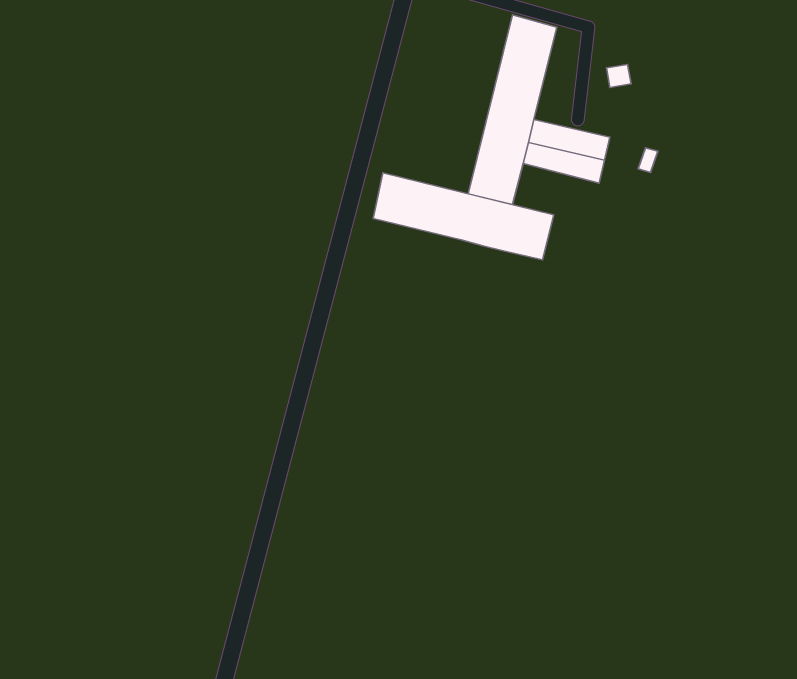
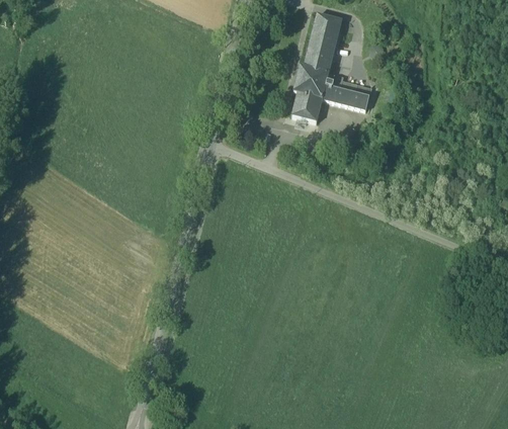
building: [373,173,554,260] -> none

